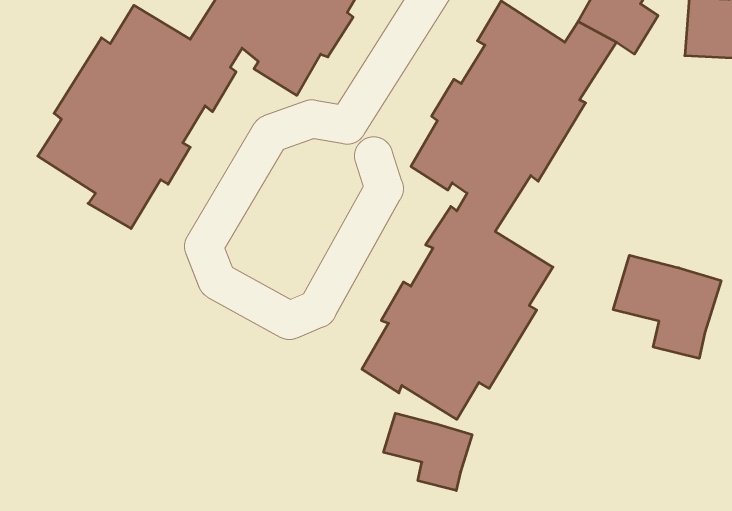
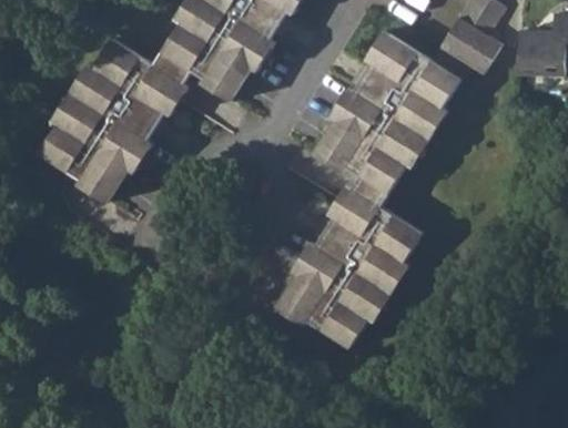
building: [613,255,721,358] -> none
building: [384,413,472,491] -> none

